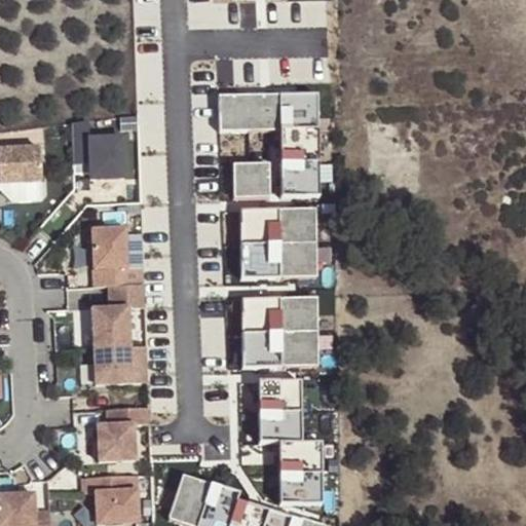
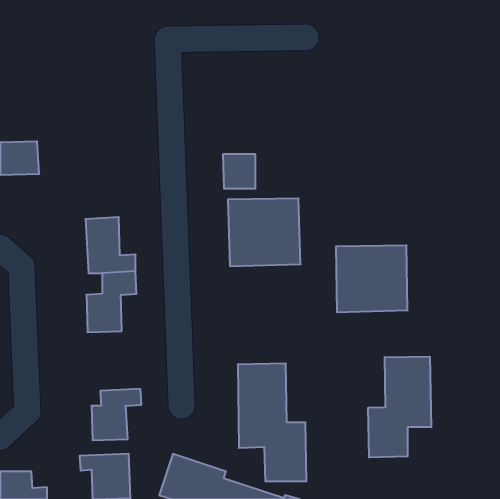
building: [219,93,320,196] -> none
building: [73,120,125,179] -> none
building: [242,298,317,368] -> [336,245,408,312]
building: [93,345,148,383] -> none
building: none -> [368,357,431,458]

